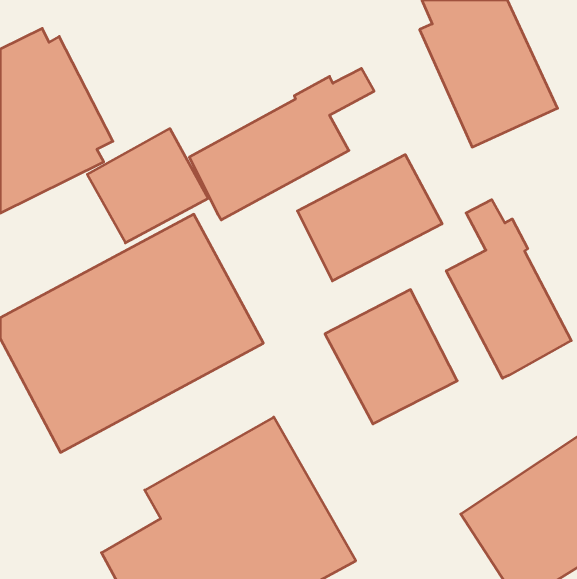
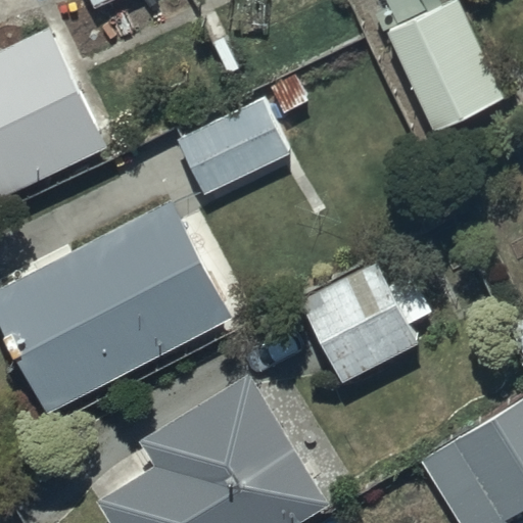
building: [87,129,208,243] -> none
building: [297,155,442,281] -> none
building: [446,200,571,378] -> none

